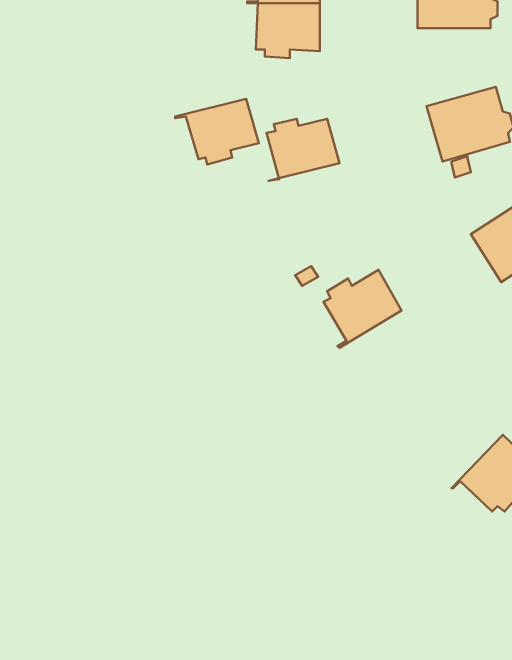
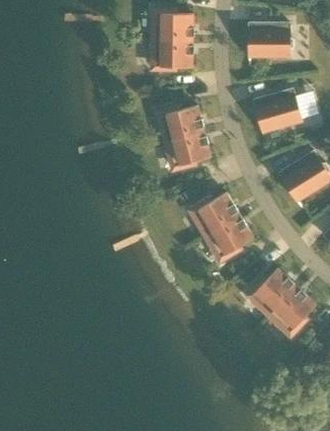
building: [175,99,259,165] -> [163,133,211,170]
building: none -> [209,217,252,260]
building: none -> [252,270,297,318]

